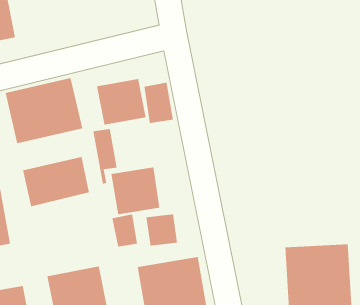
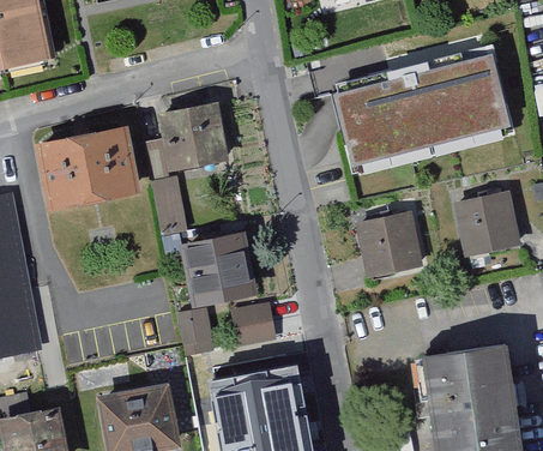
building: none -> [330,54,508,184]
building: [144,82,174,124] -> none
building: none -> [457,186,523,251]
building: none -> [357,202,427,272]
building: [23,156,90,207] -> none

